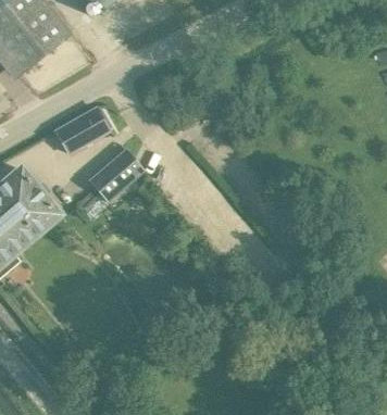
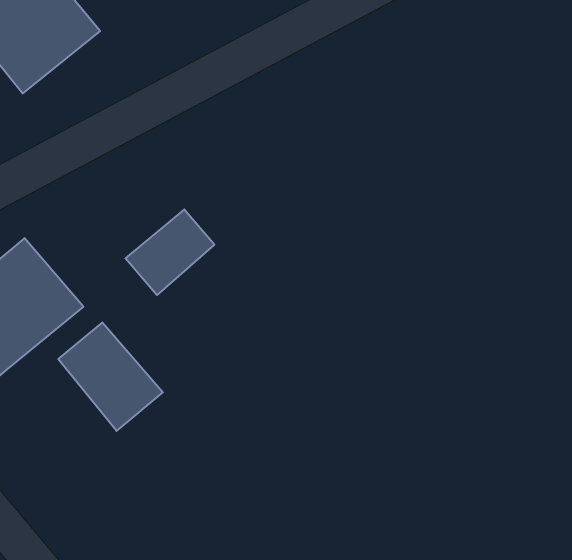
building: [53,108,111,159] -> none
building: none -> [58,322,163,431]

